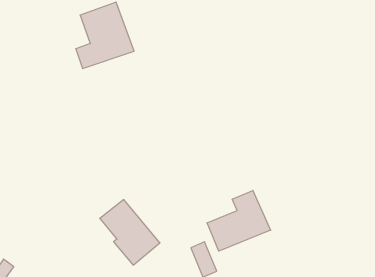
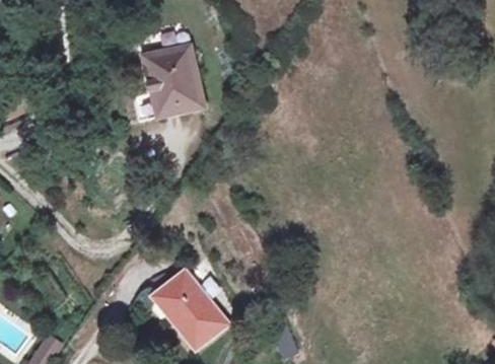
building: [207,190,271,251] -> none

